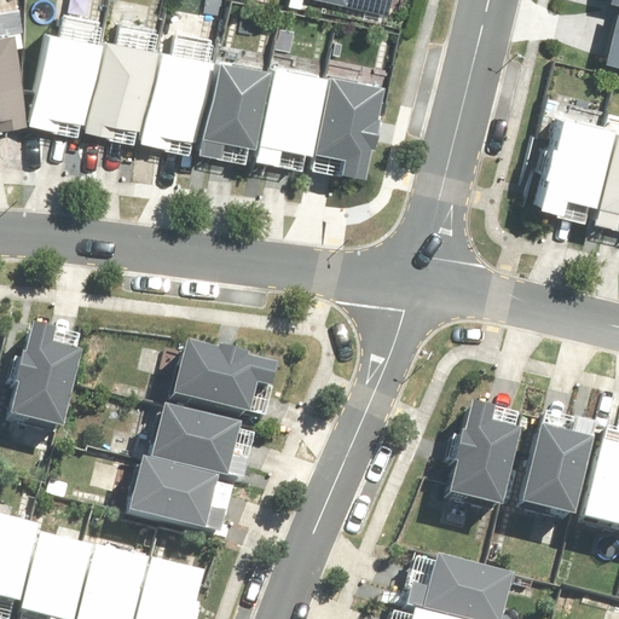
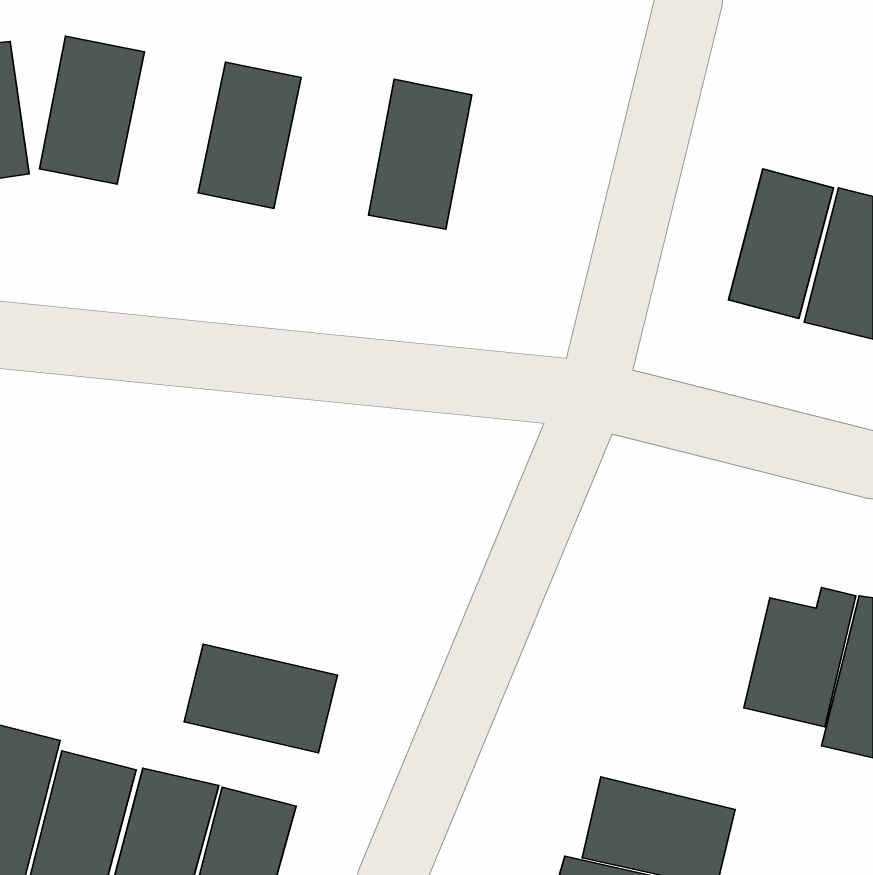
building: [85,36,155,140] -> none
building: [201,52,274,158] -> none
building: [316,68,387,172] -> none
building: [8,323,83,430] -> none
building: [177,340,280,415] -> none
building: [449,398,525,505] -> none
building: [152,401,260,479] -> none

